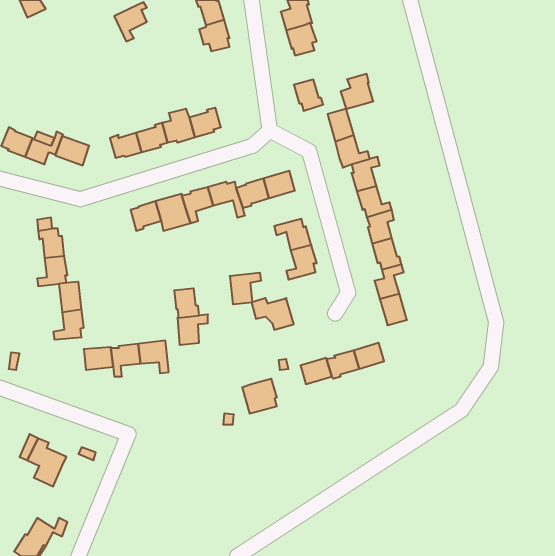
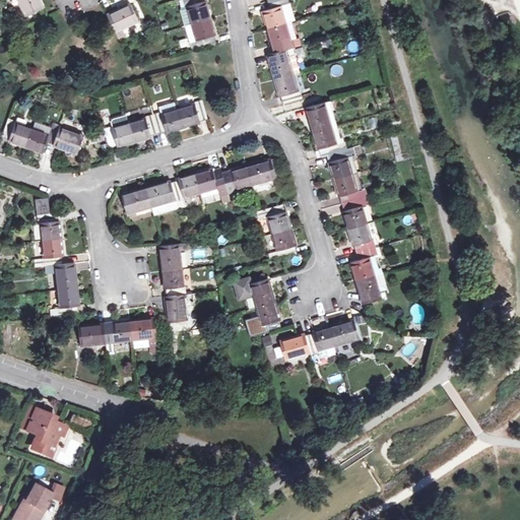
building: [341,74,373,109] -> [269,47,300,79]
building: [230,273,261,304] -> [159,242,189,271]
building: [242,379,277,414] -> [247,303,279,335]

